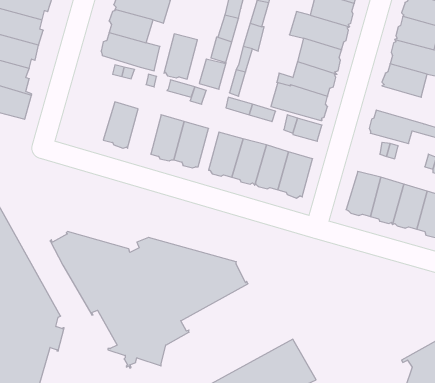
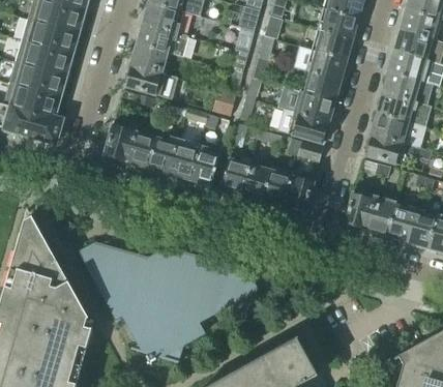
building: [164,34,197,79] -> [148,133,178,174]
building: none -> [371,113,416,147]
building: none -> [104,121,137,161]

